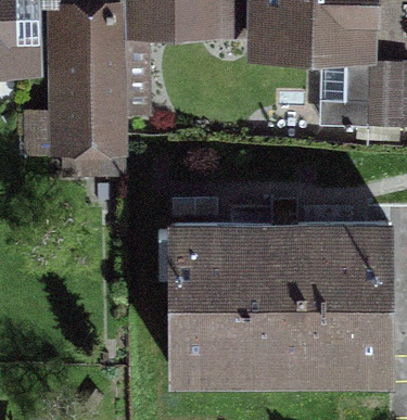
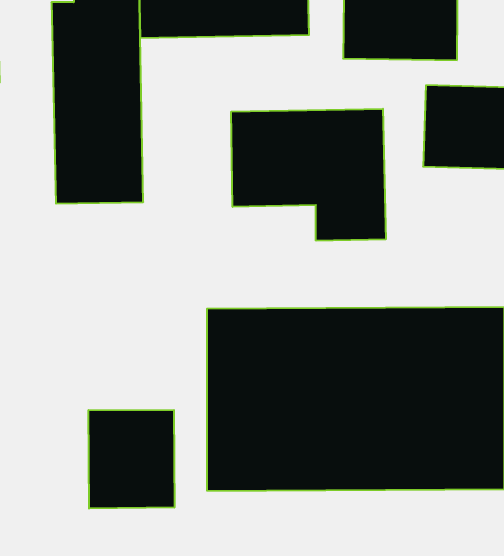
building: none -> [231,109,386,241]
building: none -> [89,410,174,509]

